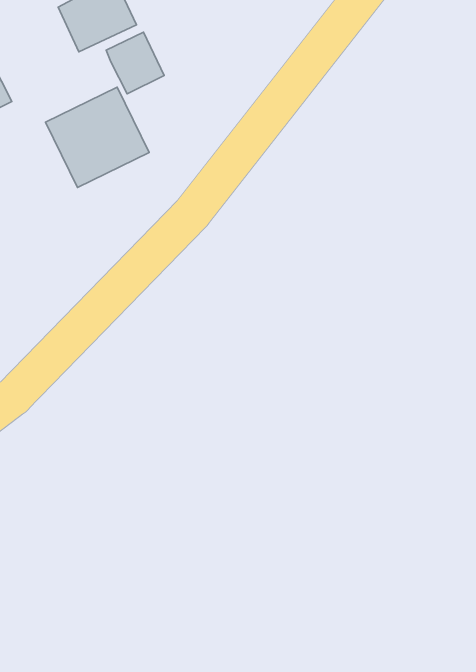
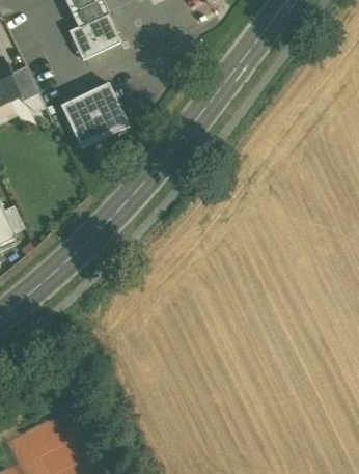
building: [106,32,164,94] -> none

